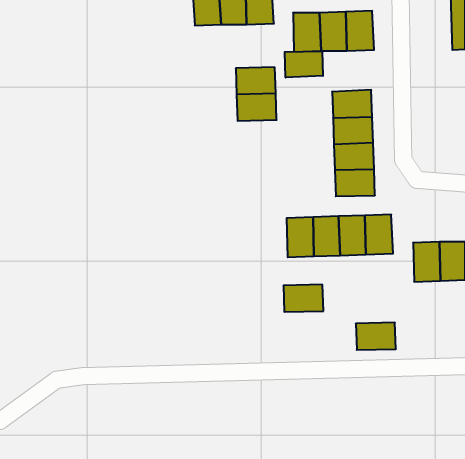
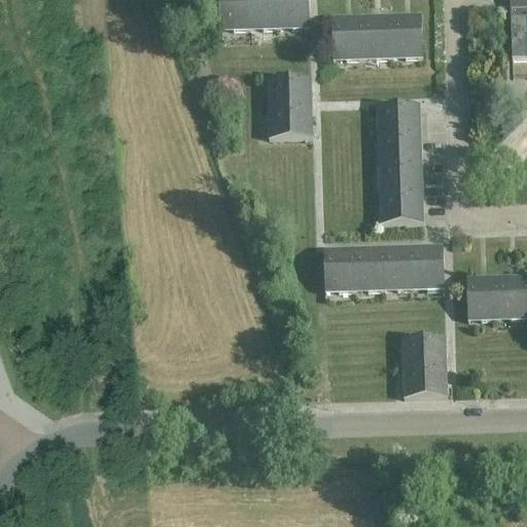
building: [285,51,323,78] -> none
building: [283,285,323,312] -> [401,336,447,366]

